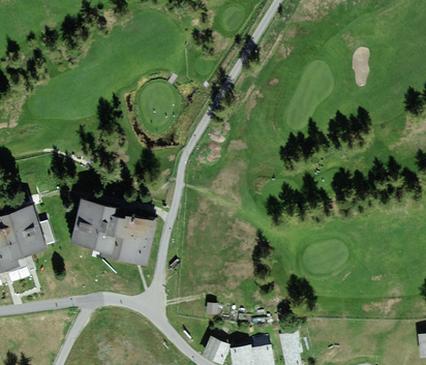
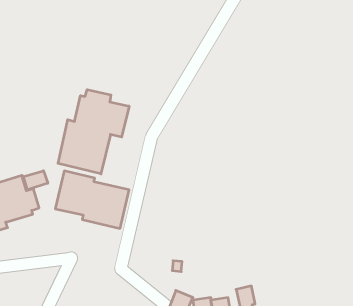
building: none -> [58,90,129,174]
building: none -> [23,171,48,190]

